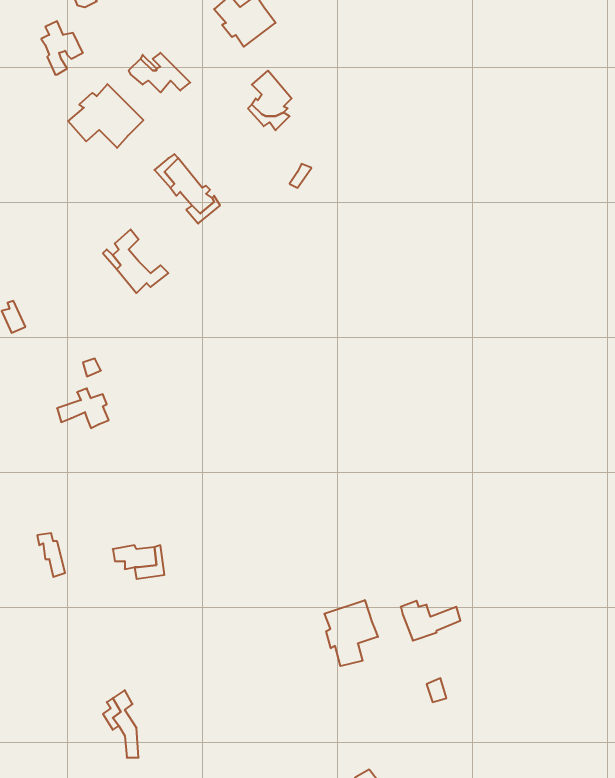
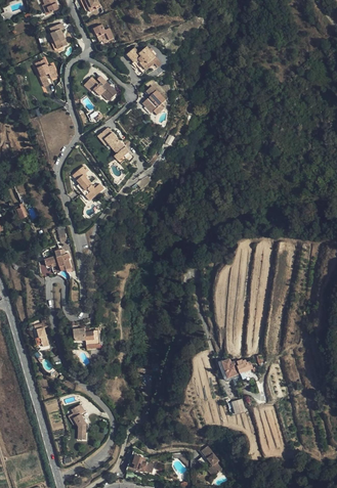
building: [68,84,143,148] -> none
building: [324,600,378,666] -> none

